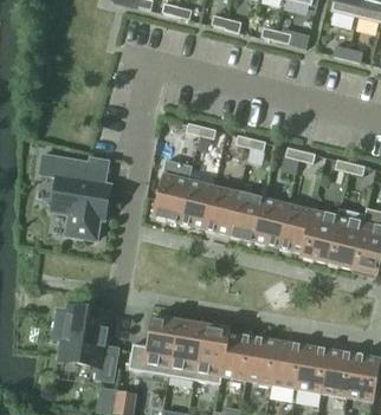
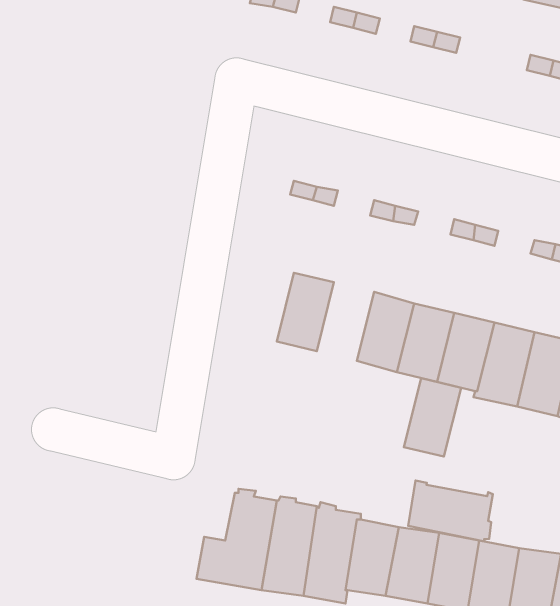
building: [38,153,110,239] -> none
building: [151,173,188,221] -> none
building: [202,184,238,233] -> [404,378,461,457]
building: [52,305,117,380] -> none
building: none -> [408,481,493,542]

